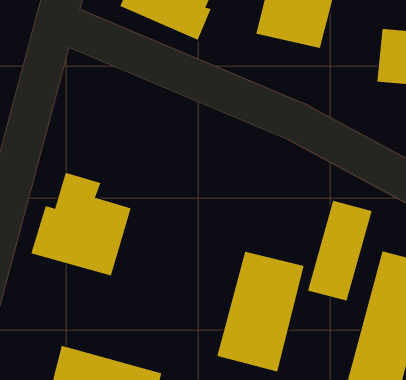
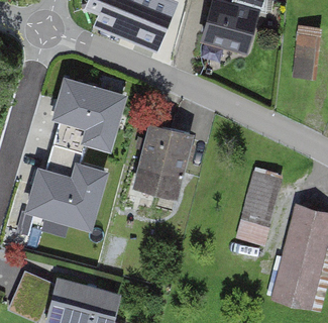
building: none -> [54,79,123,153]
building: [217,251,304,372] -> [126,119,193,211]

